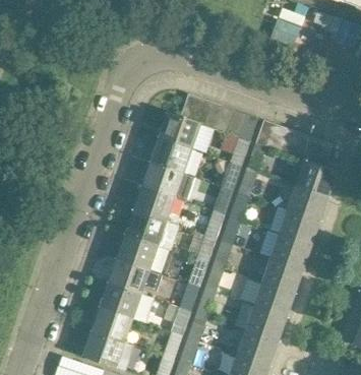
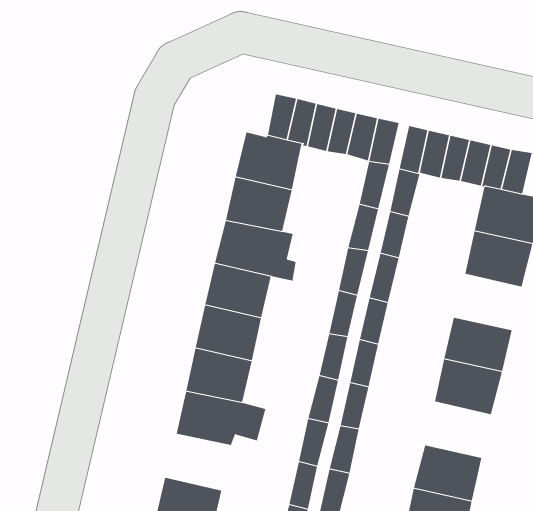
building: [277,209,318,245] -> none
building: [252,282,293,317] -> none
building: [100,285,153,324] -> none

